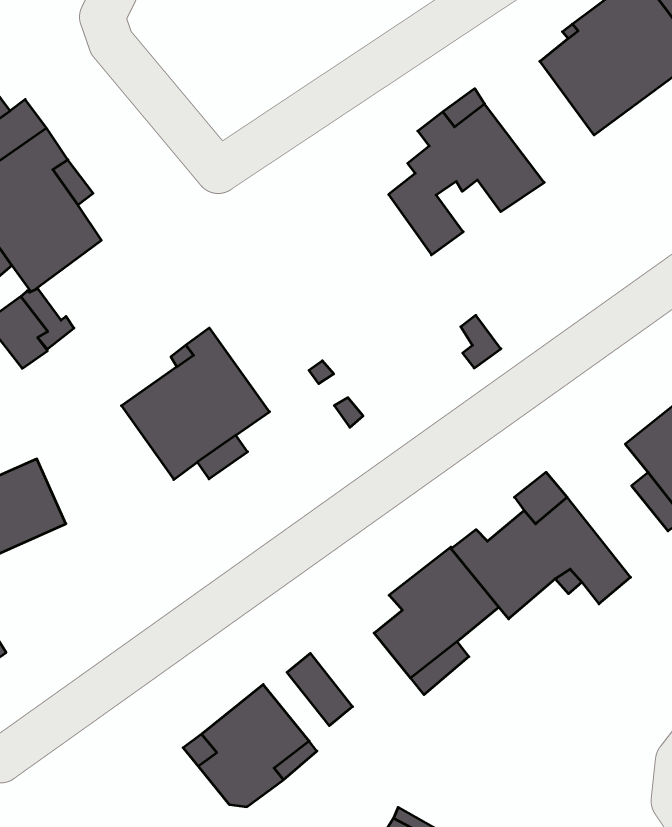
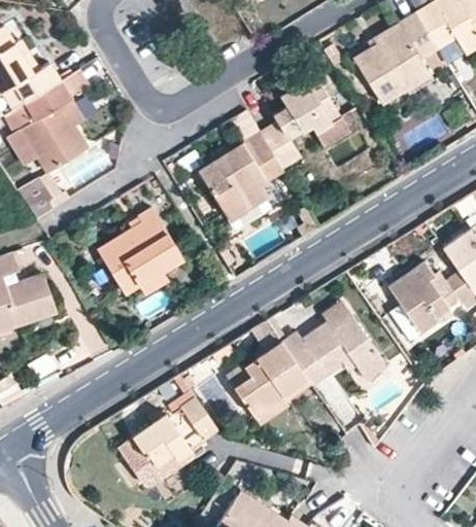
building: none -> [198,132,287,231]

